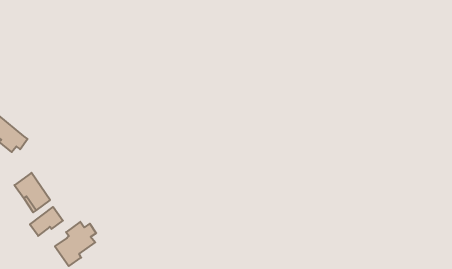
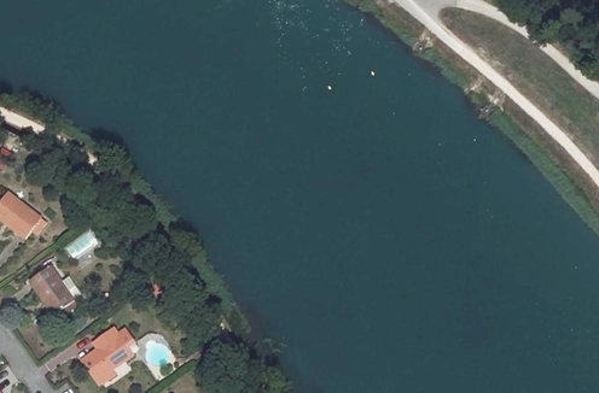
building: [30,207,63,236] -> none

